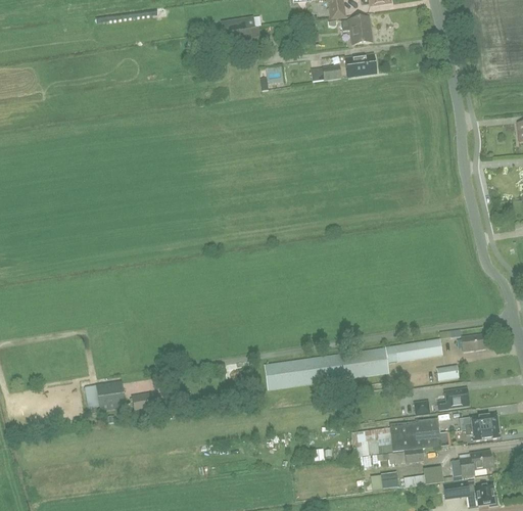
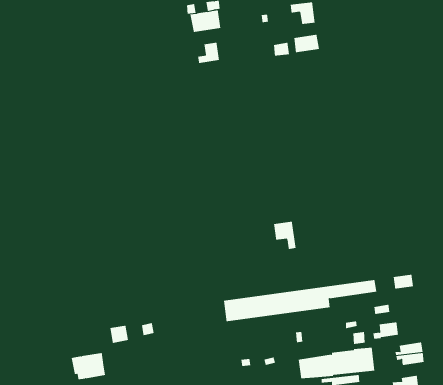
building: none -> [197,42,220,64]
building: none -> [273,221,296,250]
building: [84,380,125,412] -> [71,352,106,380]

